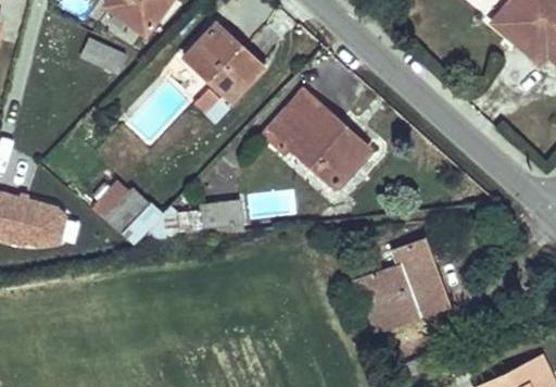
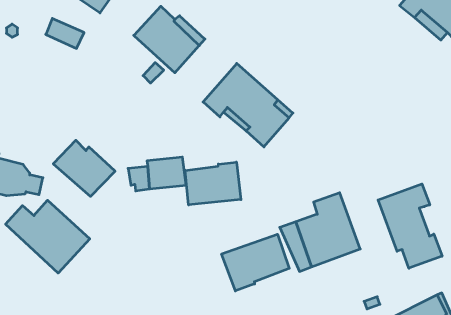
building: none -> [185,162,241,205]
building: none -> [378,184,442,268]
building: none -> [6,200,90,273]
building: none -> [222,234,289,291]

